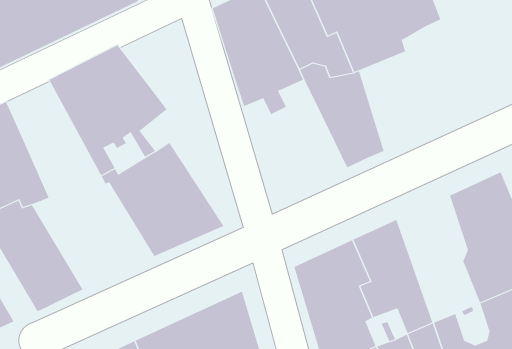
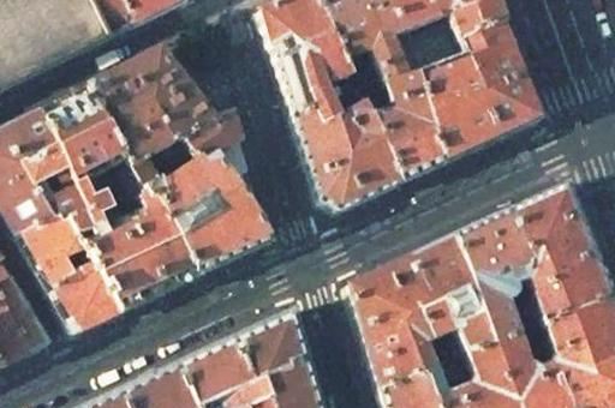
building: none -> [417,23,541,162]
building: none -> [43,86,199,308]
building: none -> [294,86,404,210]
building: none -> [185,113,274,241]
building: none -> [456,209,531,343]

